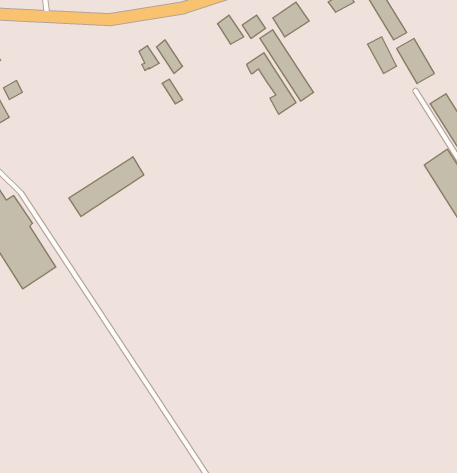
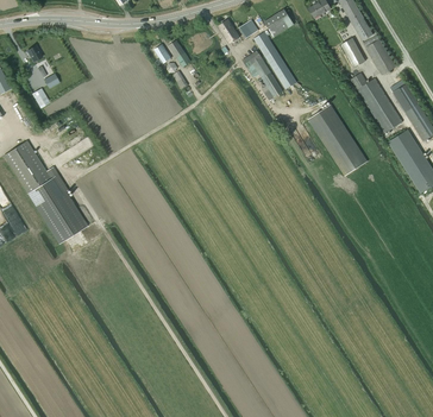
building: none -> [351,71,403,133]
building: none -> [308,105,368,176]
building: [69,157,144,217] -> none

